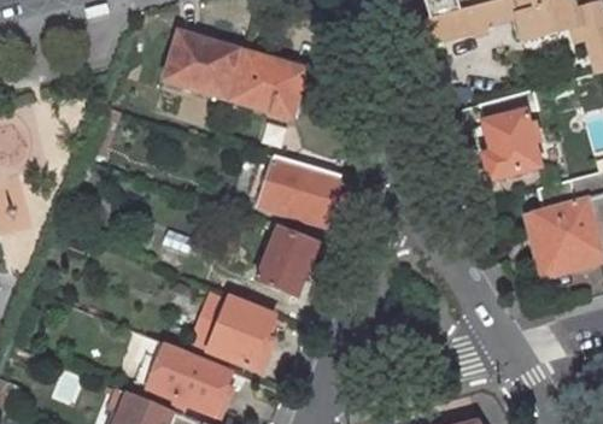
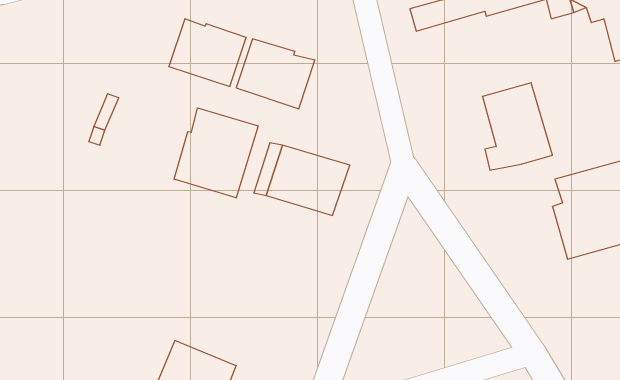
building: none -> [174,108,258,198]
building: [256,226,317,294] -> none
building: [194,296,282,371] -> none

